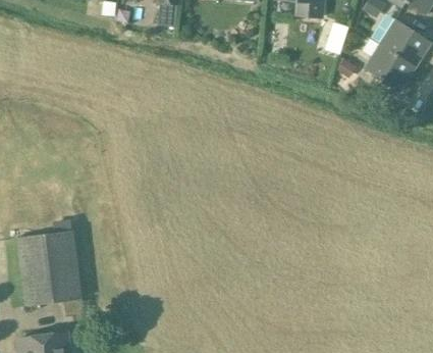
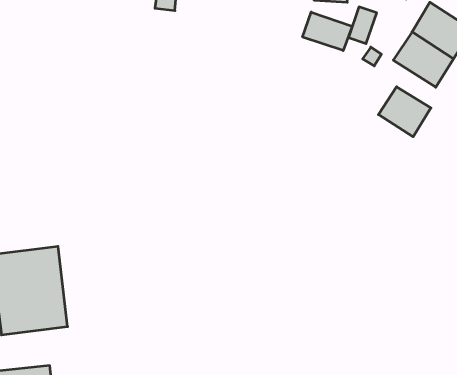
building: none -> [303,12,352,51]
building: none -> [378,87,431,137]

